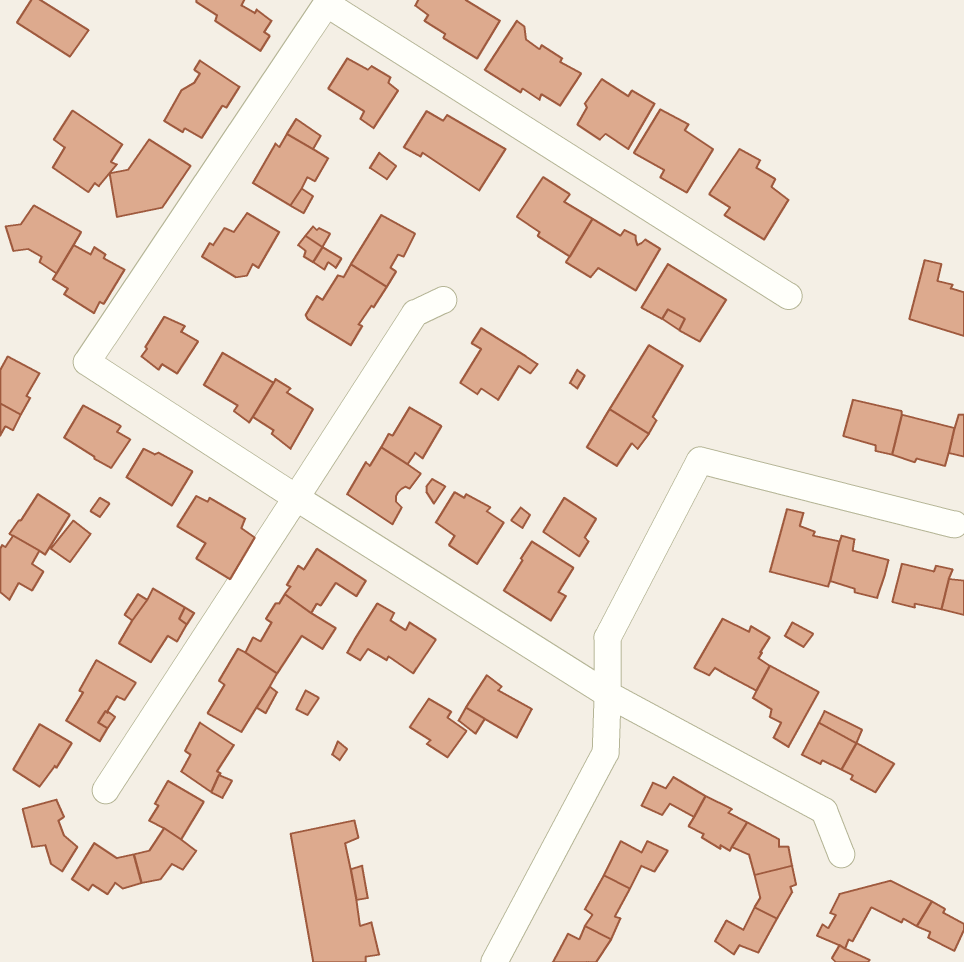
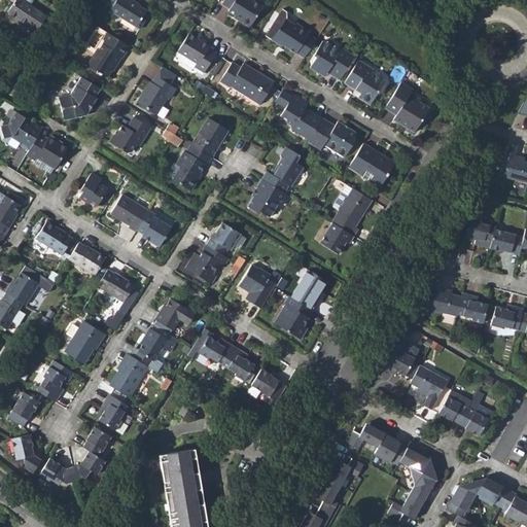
building: [53,111,122,192] -> none
building: none -> [262,149,306,195]
building: [410,699,466,757] -> [227,349,258,381]

